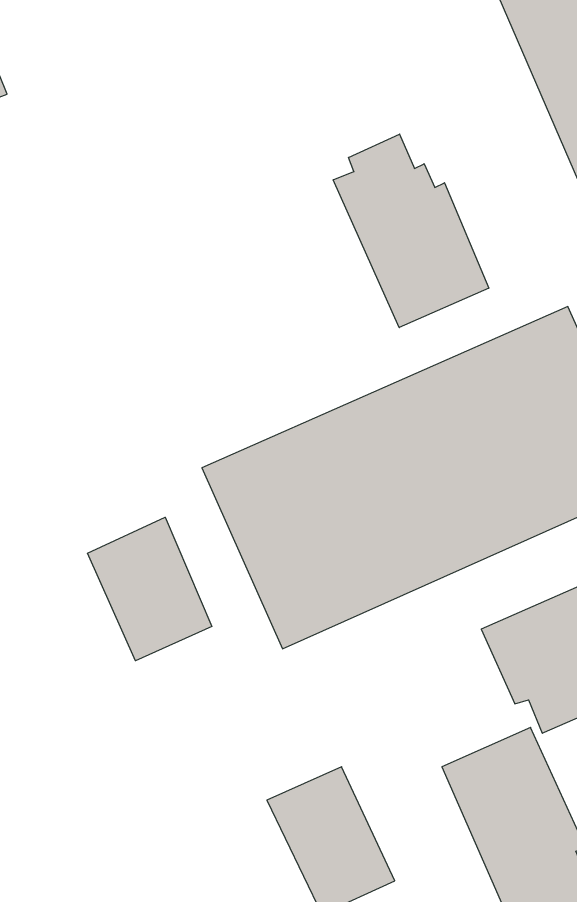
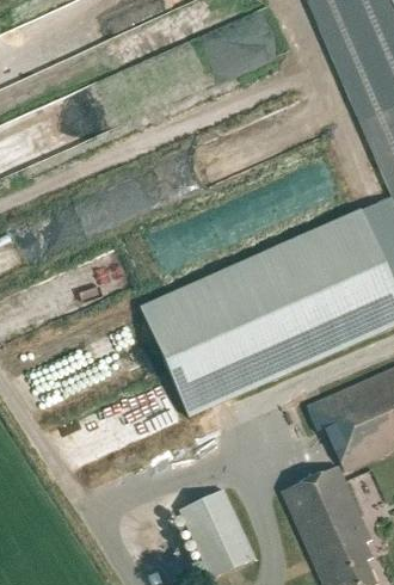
building: [333,134,489,328] -> none
building: [87,517,212,661] -> none

